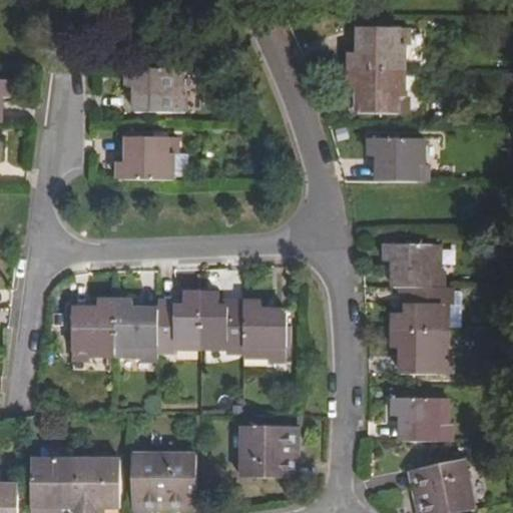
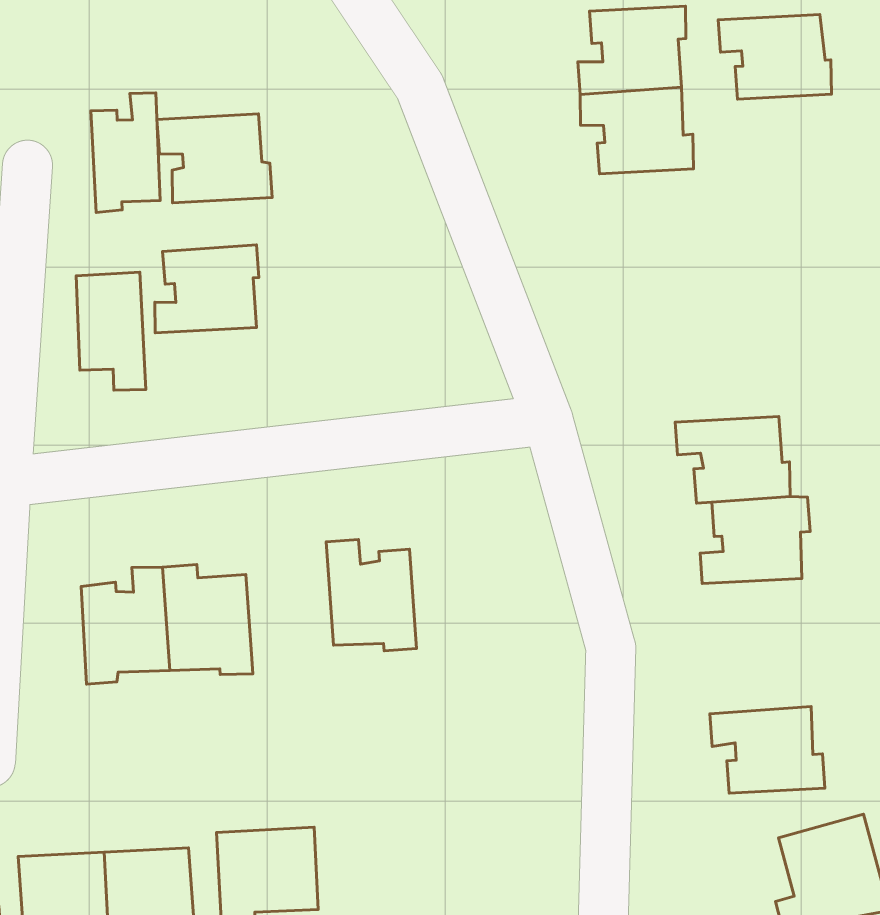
building: none -> [91,93,160,213]
building: [370,138,427,181] -> [718,14,831,99]
building: none -> [76,272,146,390]
building: [156,294,199,353] -> none
building: [242,302,288,362] -> none
building: [393,331,451,375] -> none
building: [234,414,294,463] -> none

